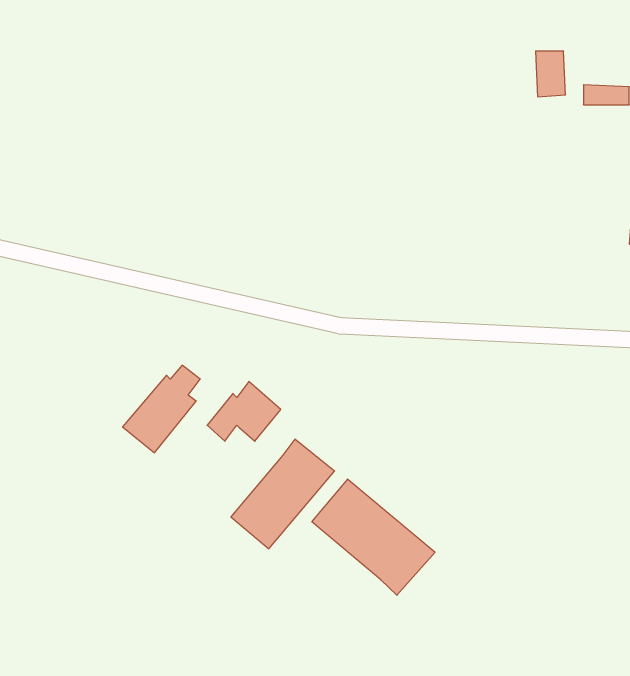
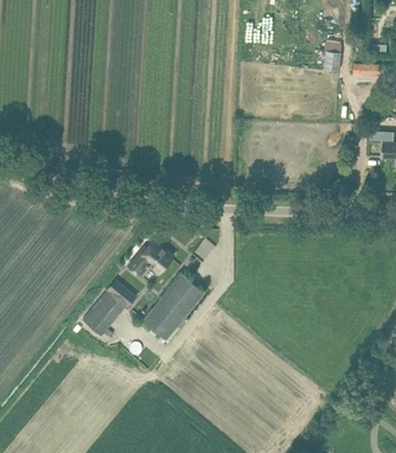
building: [123,365,200,453] -> [82,282,128,334]
building: [312,479,435,595] -> none

